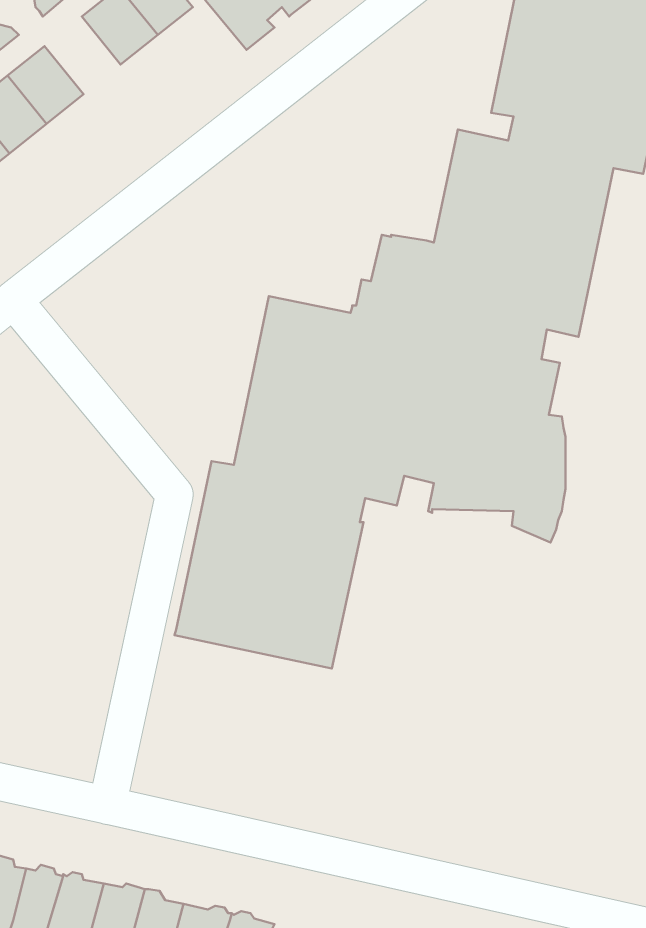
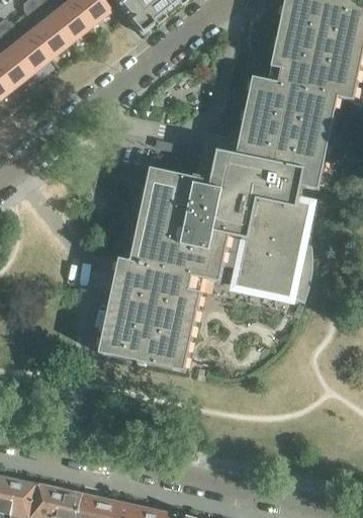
building: none -> [26,16,68,59]

